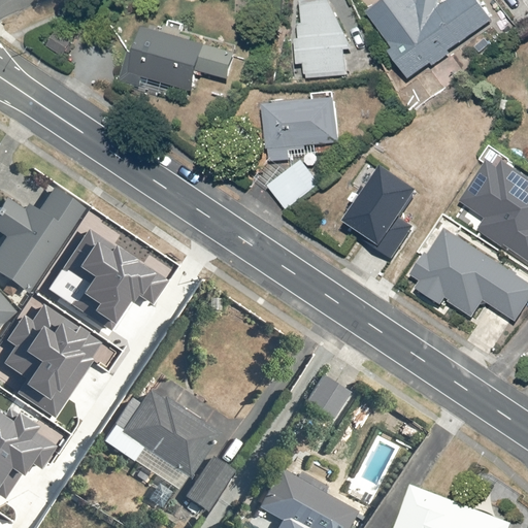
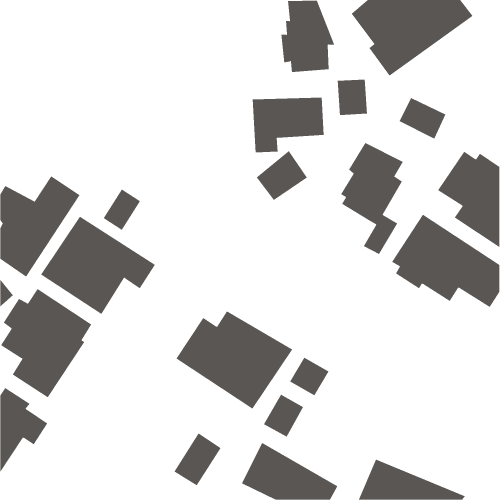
building: [131,27,237,91] -> none
building: none -> [337,79,367,116]
building: none -> [399,97,446,139]
building: none -> [103,189,141,231]
building: [97,388,221,492] -> [175,310,293,409]
building: none -> [263,394,304,437]

